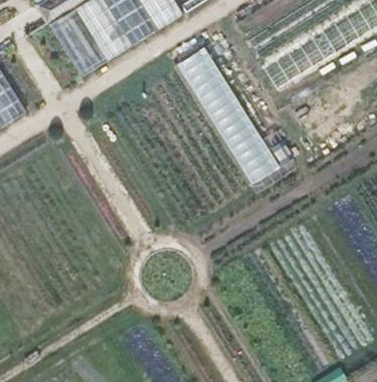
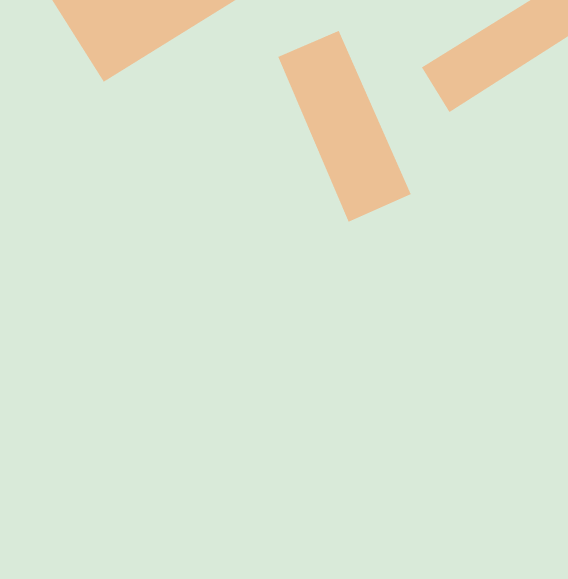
building: [231,132,282,183] -> none

